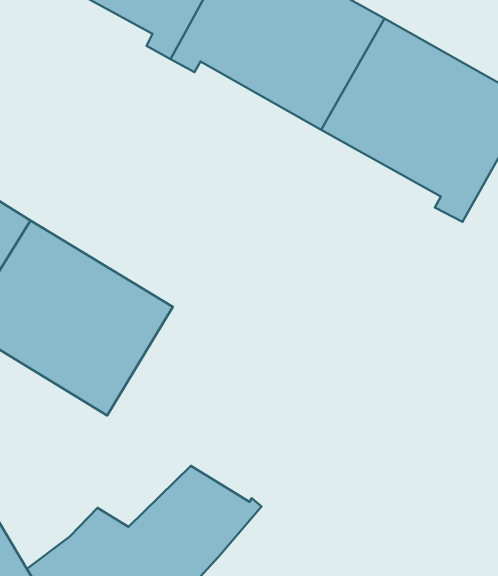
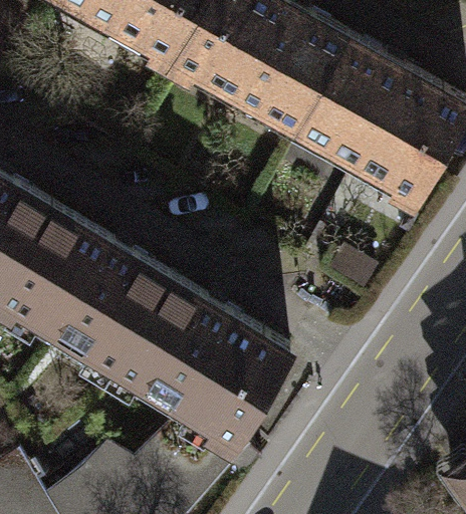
building: none -> [112,279,288,443]

